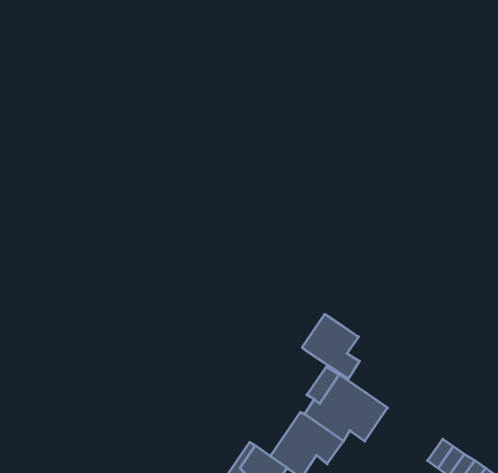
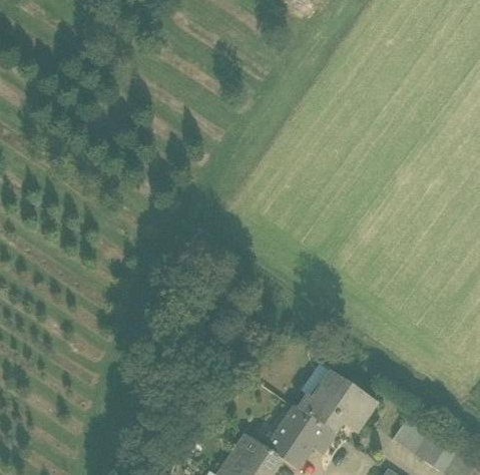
building: [302,314,360,379] -> none
building: none -> [393,418,426,451]

